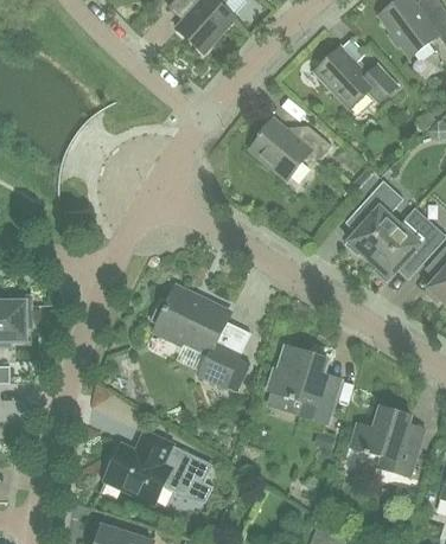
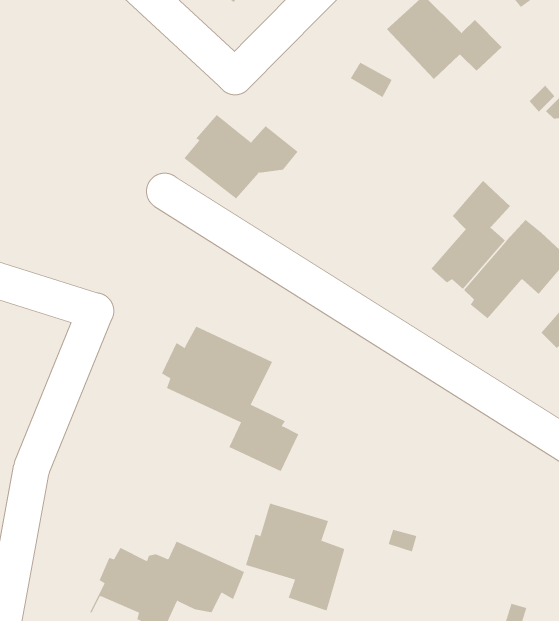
building: [249,117,332,179] -> [184,114,298,199]
building: [268,345,340,423] -> [245,503,345,611]
building: [350,405,419,476] -> none

